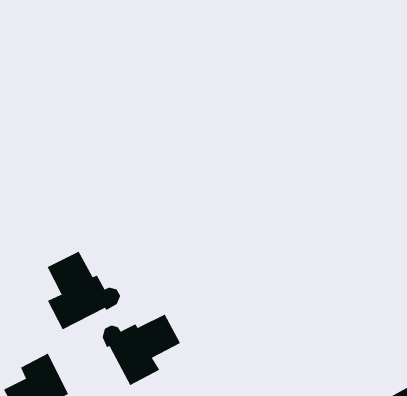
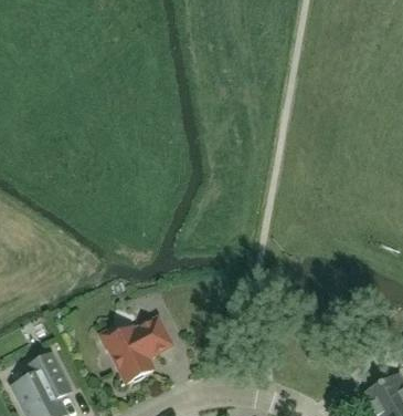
building: [47,251,121,330] -> none

